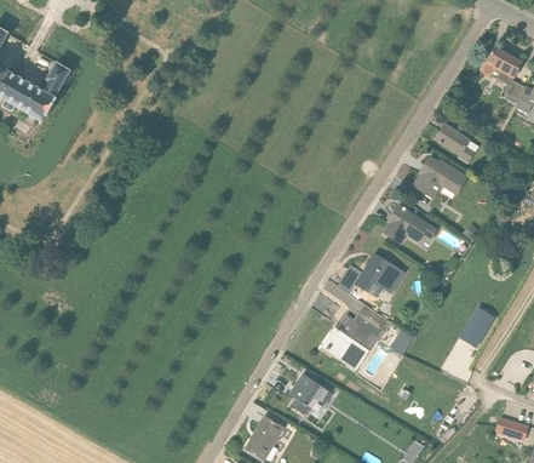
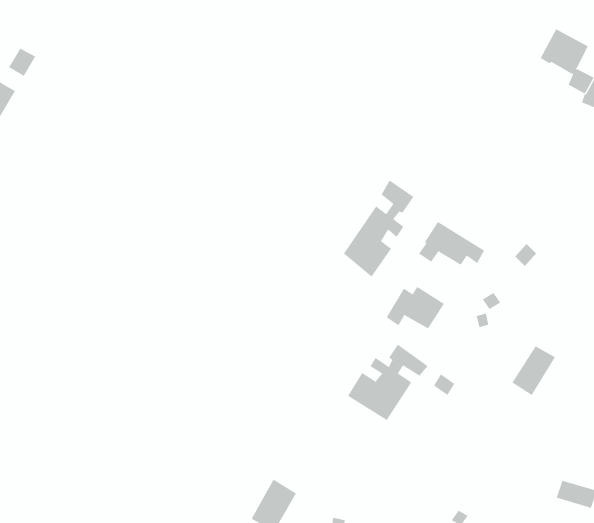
building: [435,125,478,164] -> none
building: [414,158,467,198] -> none
building: none -> [343,180,414,278]
building: [288,378,332,415] -> none

